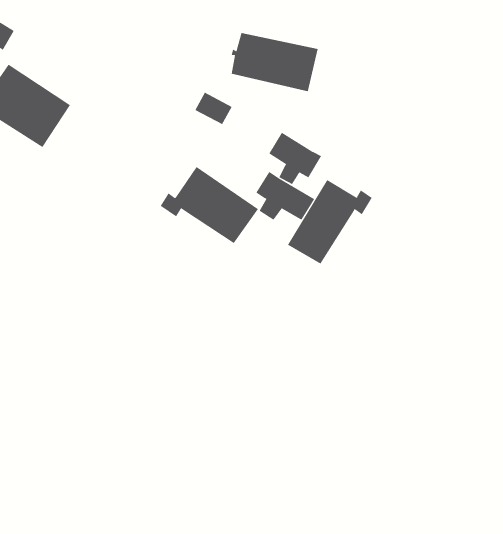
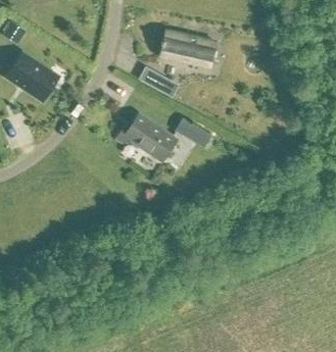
building: [268,132,322,185] -> none
building: [287,179,372,264] -> none

